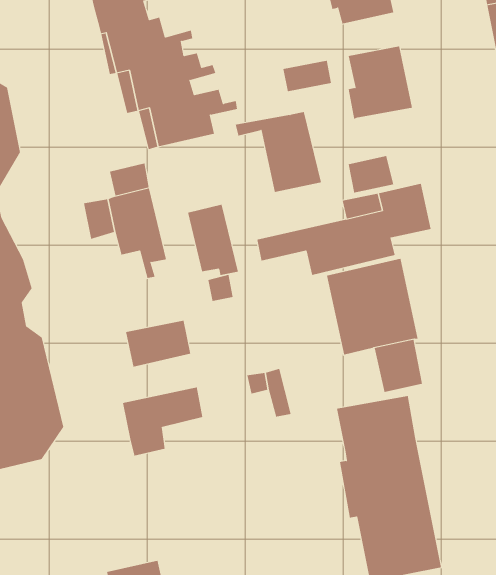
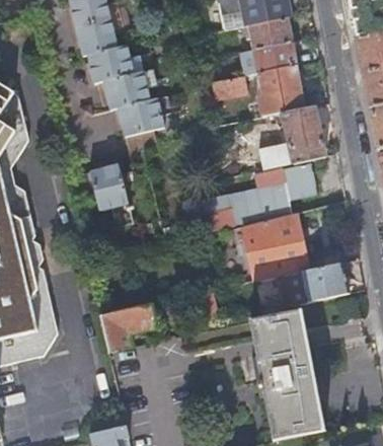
building: none -> [249,42,295,73]
building: [235,112,322,193] -> [265,106,326,163]
building: [188,204,238,276] -> none
building: [125,320,191,367] -> none
building: none -> [305,263,349,302]

